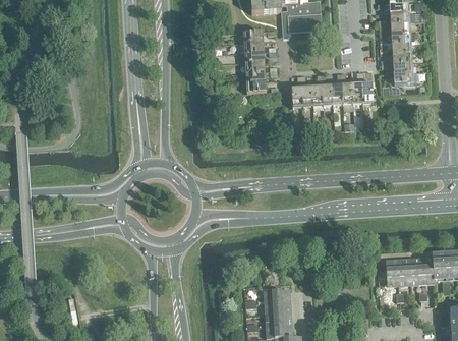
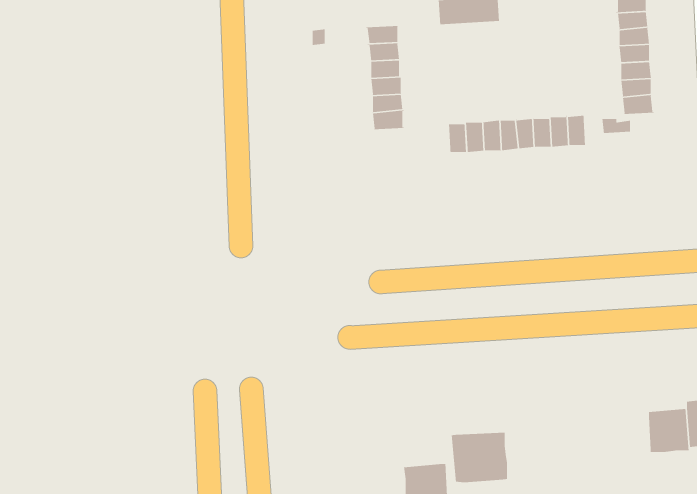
building: [385,258,410,284] -> none
building: none -> [451,432,508,483]

